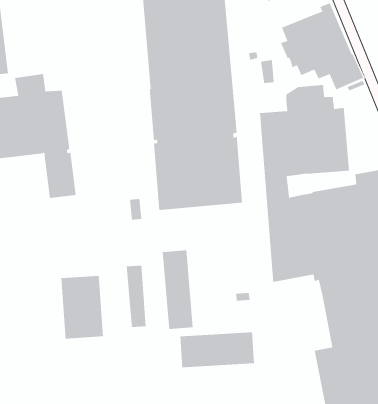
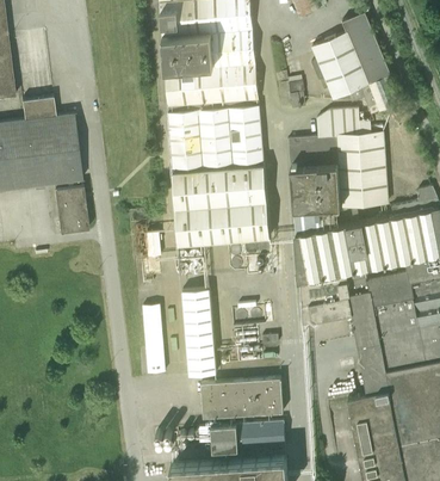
building: [61,275,104,339] -> none
building: none -> [198,421,285,451]

